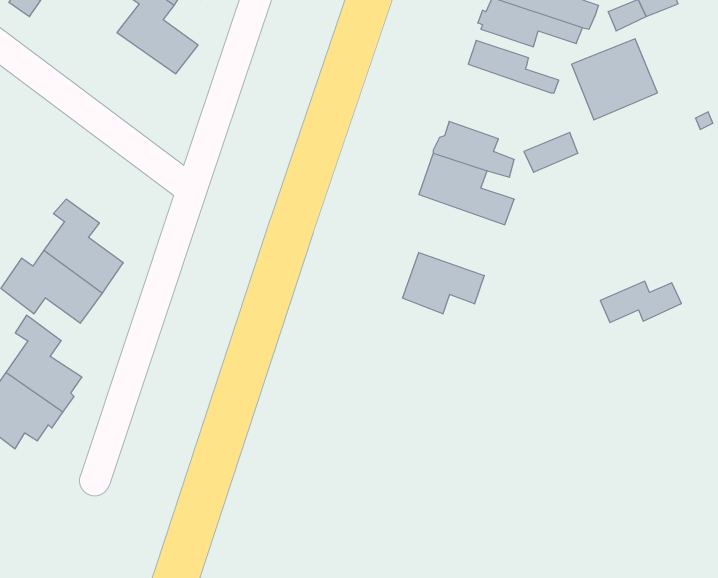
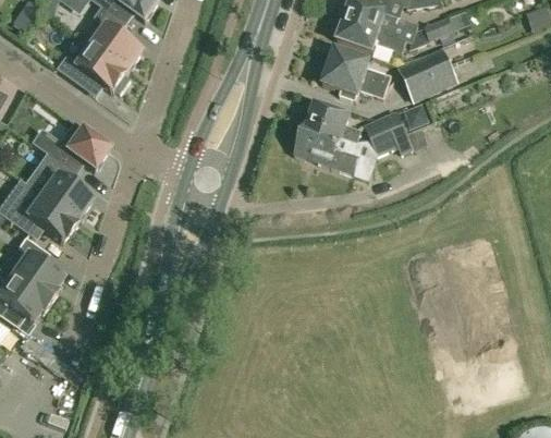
building: none -> [58,41,131,92]
building: none -> [321,63,387,99]
building: none -> [32,122,109,172]
building: [403,252,484,314] -> none
building: [600,281,681,323] -> [372,124,428,153]

